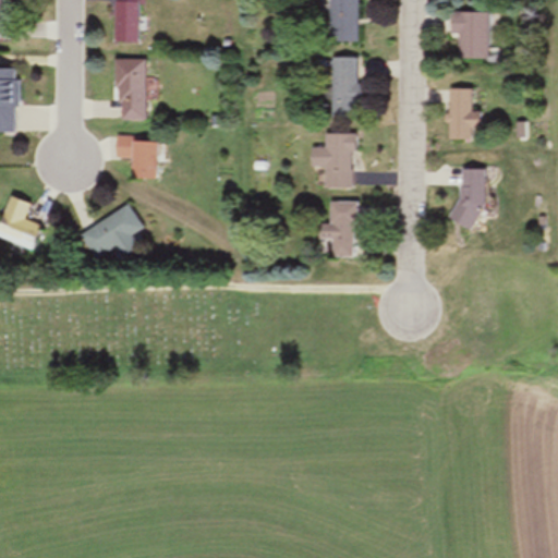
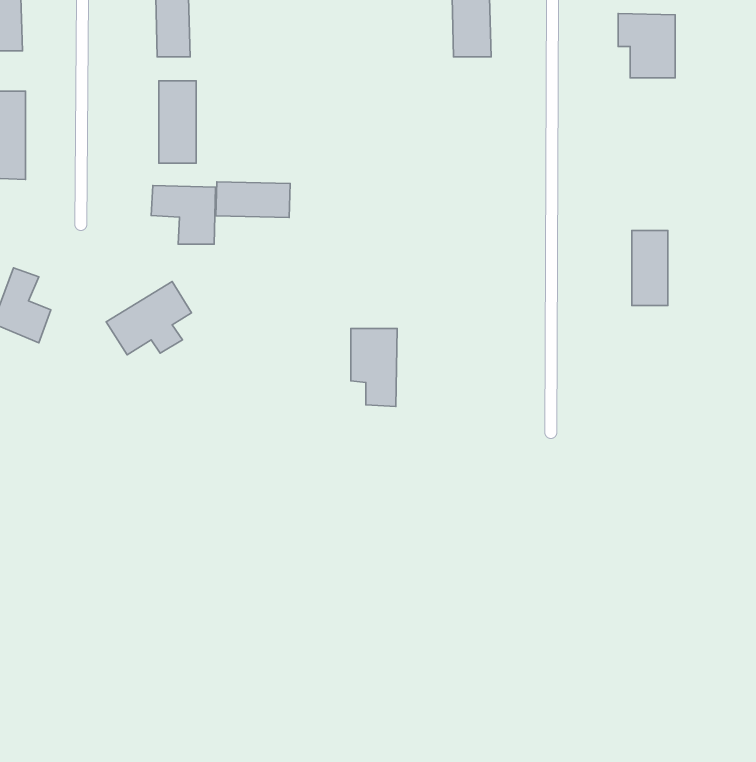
building: [329,57,359,116] -> none
building: [448,88,485,138] -> none
building: [312,132,355,186] -> none
building: none -> [216,182,290,218]
building: [325,201,359,257] -> [351,328,397,406]

